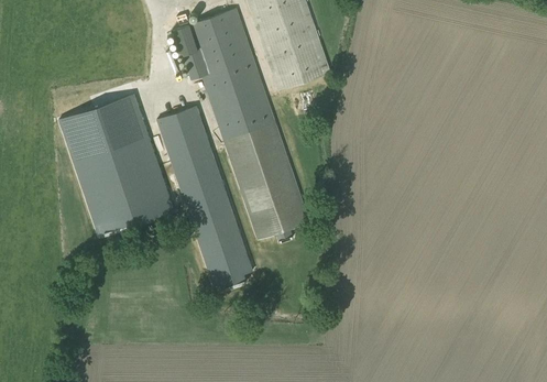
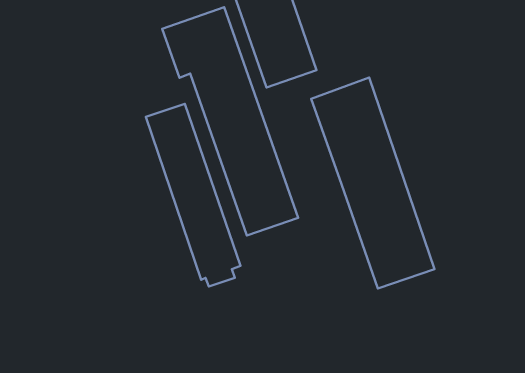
building: none -> [311,77,434,288]
building: [59,95,175,238] -> none

